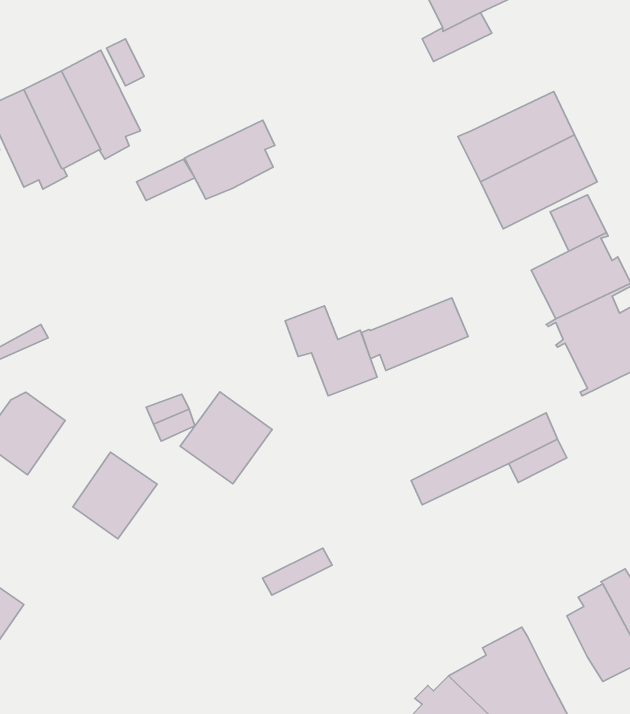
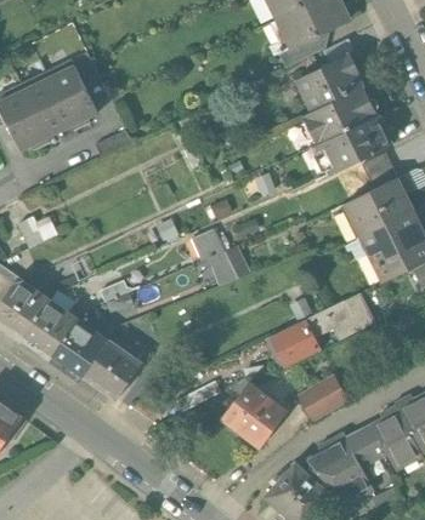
building: none -> [296,55,364,113]
building: [185,120,275,199] -> none
building: [361,298,468,371] -> none
building: [180,392,272,484] -> [83,341,142,400]
building: none -> [24,299,78,355]
building: none -> [299,376,347,422]
building: none -> [221,382,288,448]
building: none -> [347,425,386,465]

